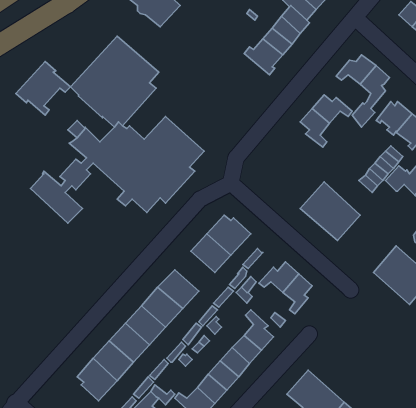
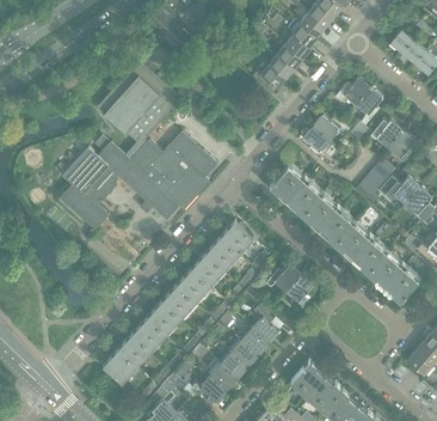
building: [16,62,71,115] -> [61,148,110,196]
building: none -> [269,164,322,216]
building: none -> [334,222,387,274]
building: none -> [189,255,224,291]

